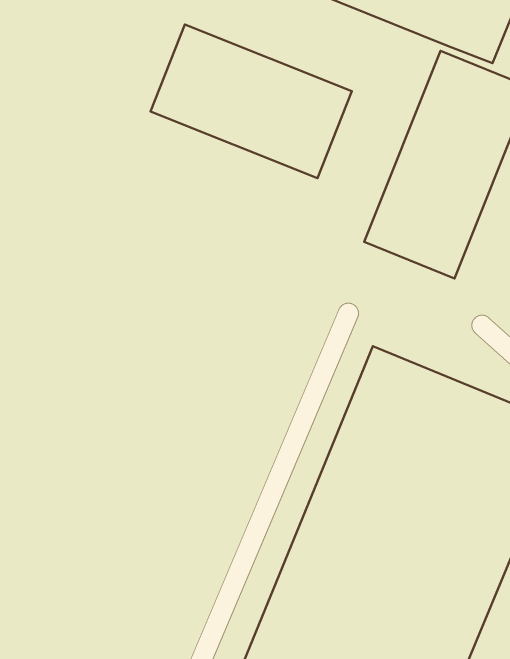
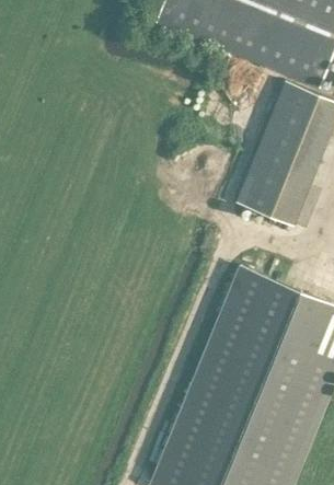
building: [150,24,352,178] -> none

